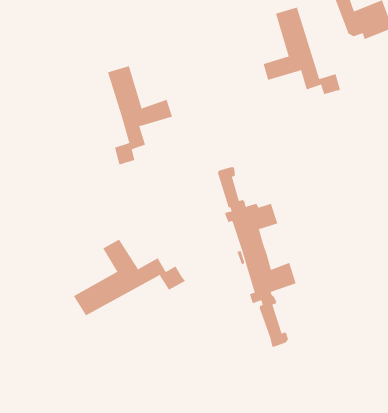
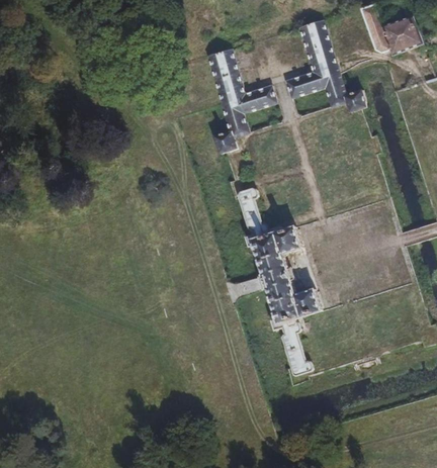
building: [107,65,173,165] -> [208,49,277,153]
building: [73,239,186,316] -> none

